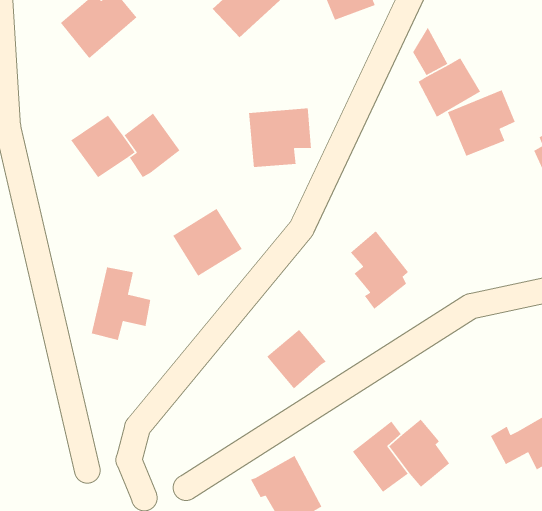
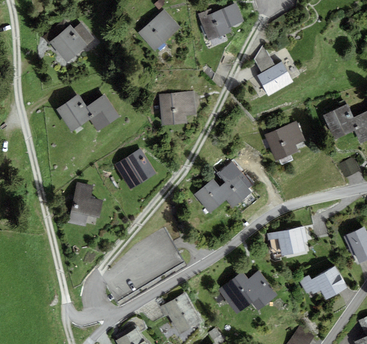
building: [447,89,516,157] -> [265,122,305,161]
building: [266,329,327,389] -> [194,179,229,214]
building: none -> [267,226,307,256]

